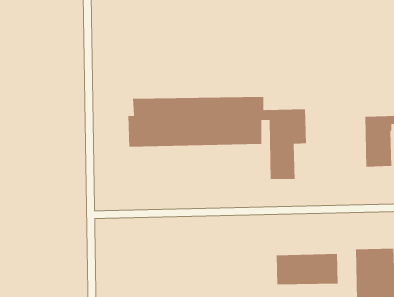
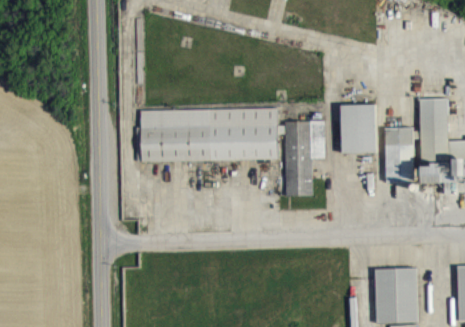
building: none -> [340,104,376,153]
building: [276,253,339,285] -> none

